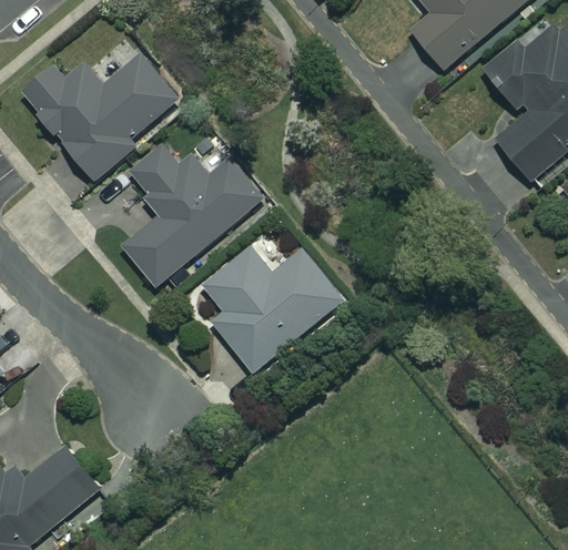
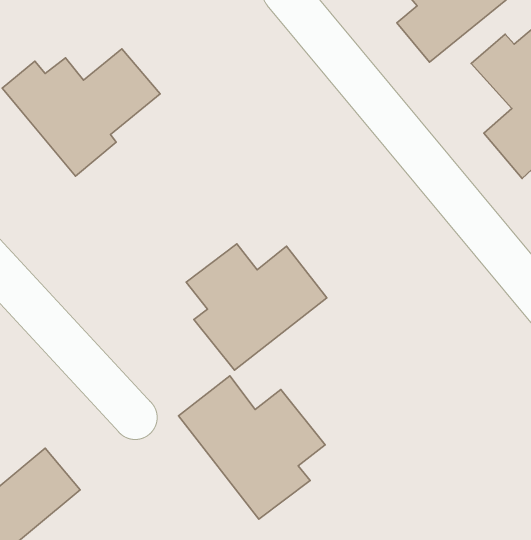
building: [122,133,262,286] -> none
building: none -> [178,376,325,519]

